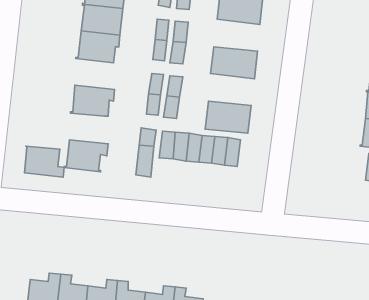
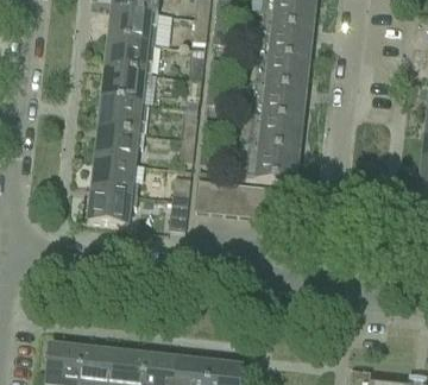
building: none -> [254,55,306,90]
building: none -> [100,99,147,133]
building: none -> [248,115,300,151]
building: [25,146,64,177] -> [94,159,138,194]

